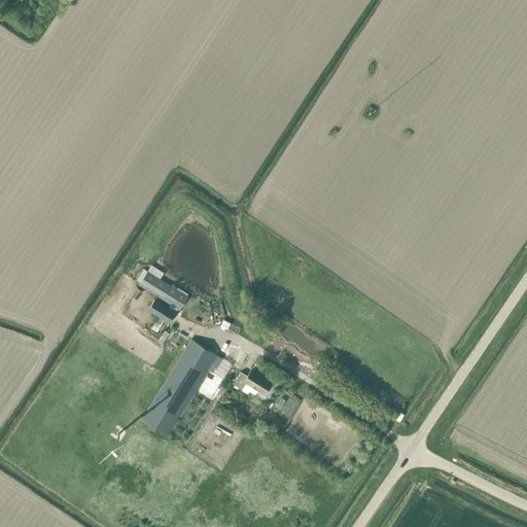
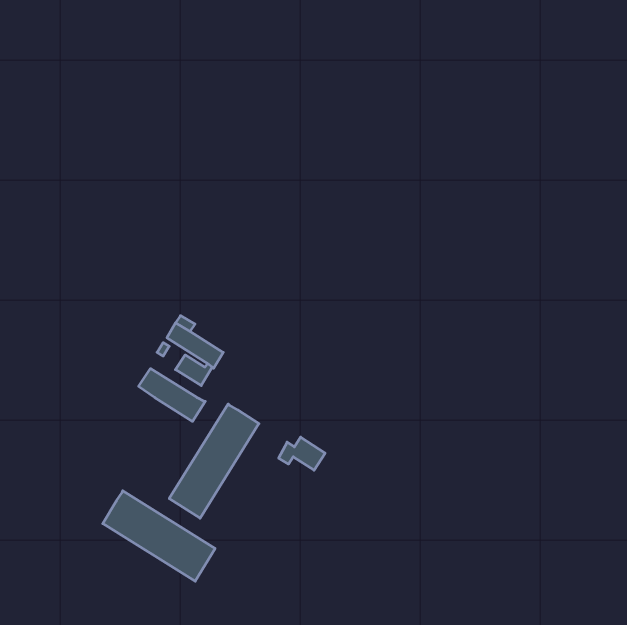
building: none -> [139,369,205,421]
building: none -> [103,491,215,581]

